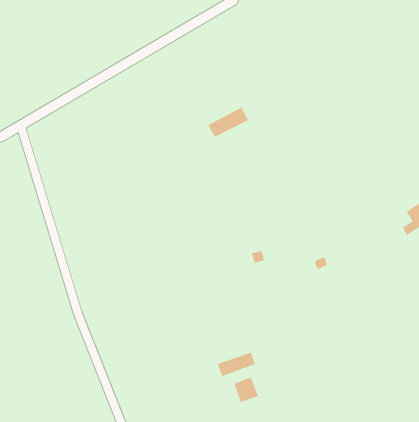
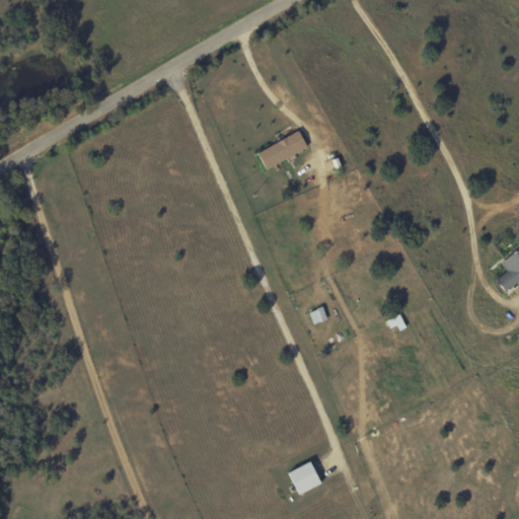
building: [217,351,256,377] -> none

